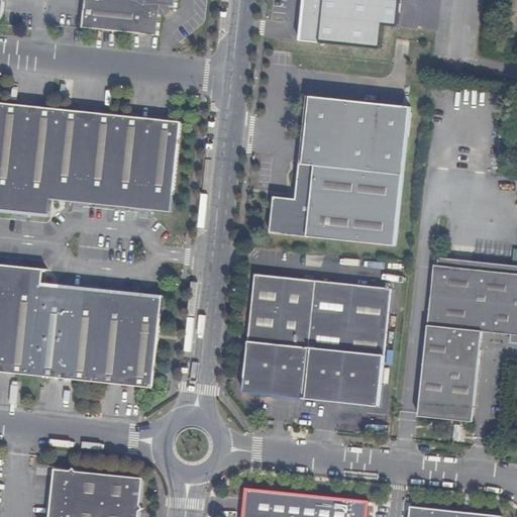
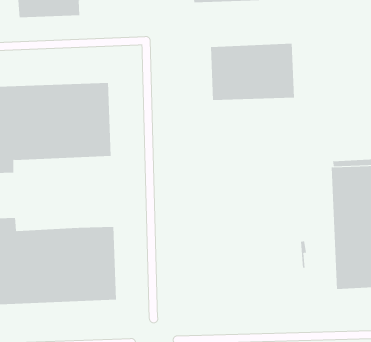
building: [268,162,402,245] -> none
building: [242,274,385,402] -> none

